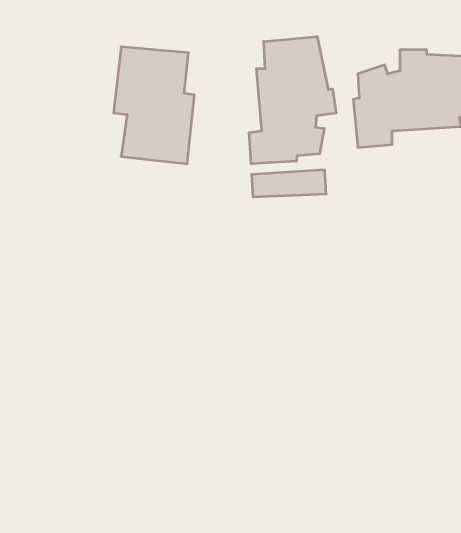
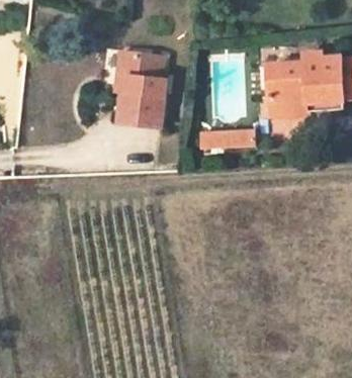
building: [249,36,336,164] -> none

